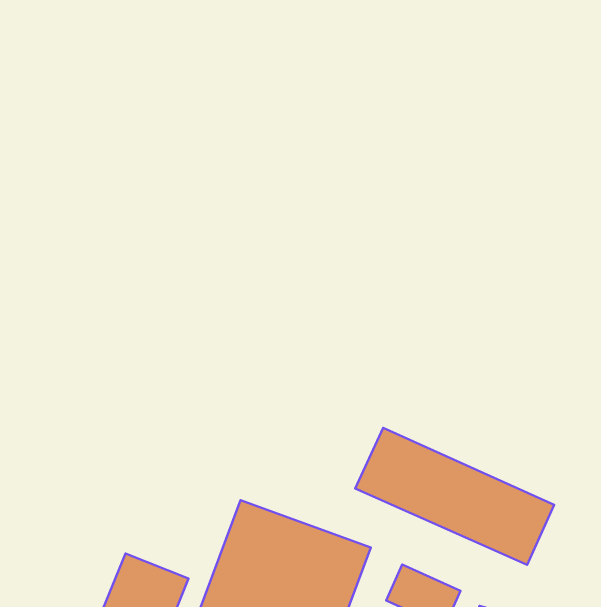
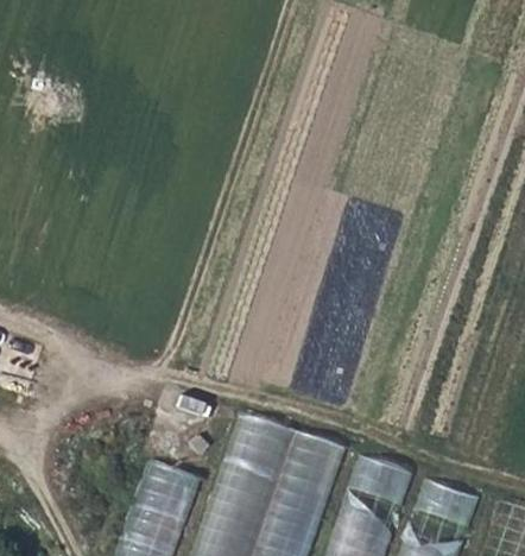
building: [355,428,554,565] -> none

